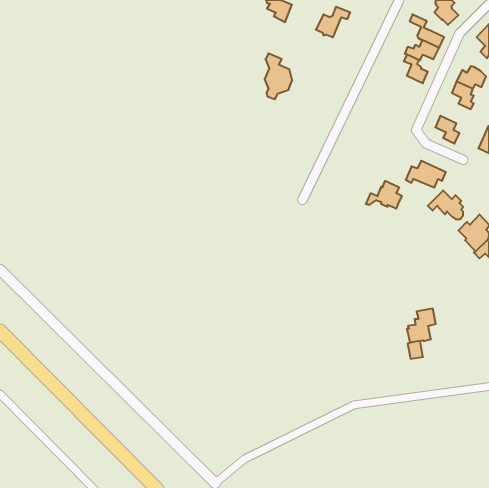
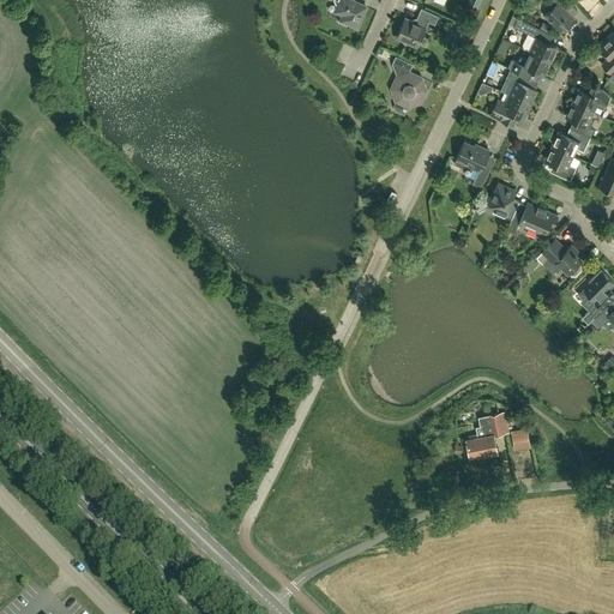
building: [265,53,292,99] -> [391,58,426,115]
building: none -> [490,96,530,127]
building: none -> [552,131,590,156]
building: none -> [455,143,492,189]
building: [366,181,402,209] -> [474,183,519,218]
building: [407,309,436,342] -> [466,415,502,457]

